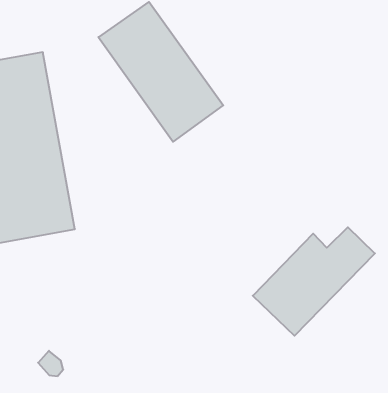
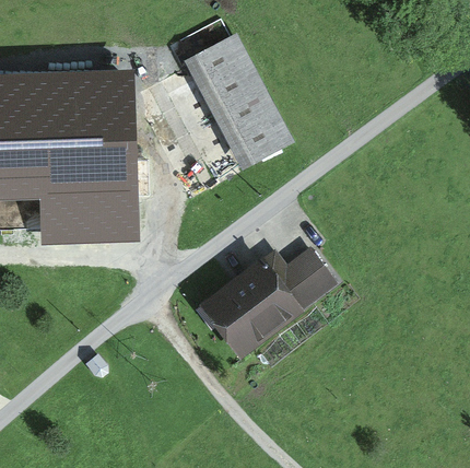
building: [253,227,375,336] -> [207,253,328,348]

